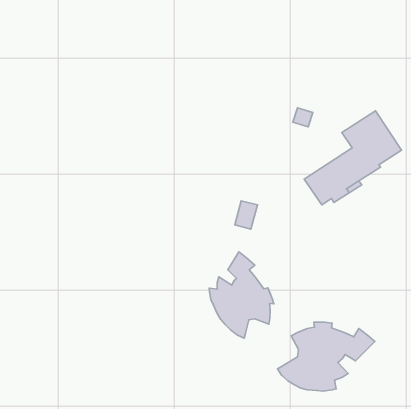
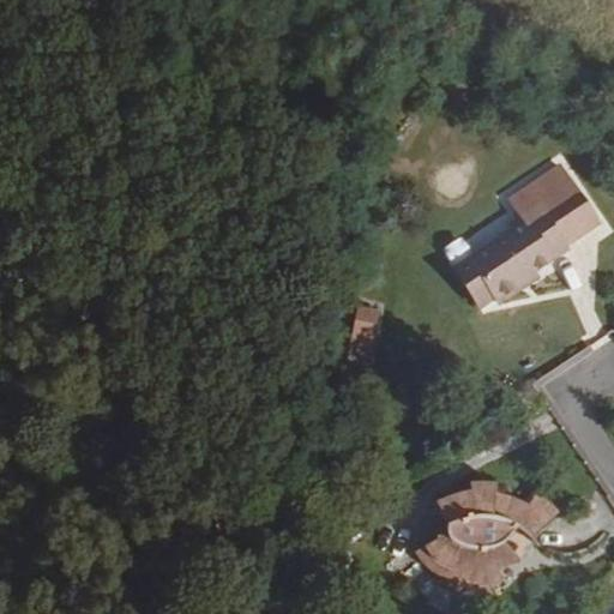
building: [209,252,274,338] -> none

